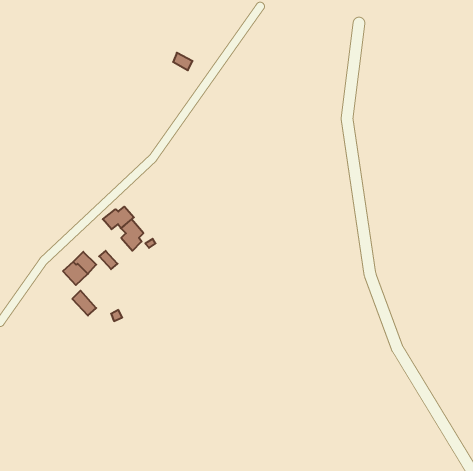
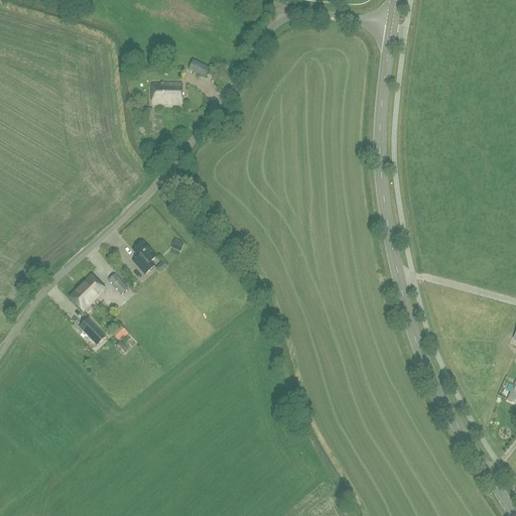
building: none -> [151,82,181,104]
building: [103,207,134,229] -> none

